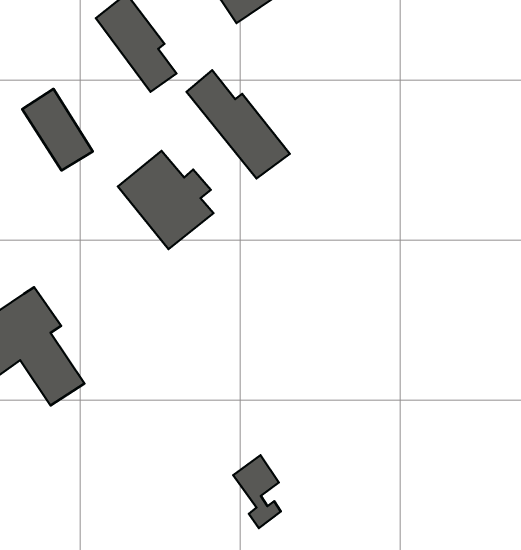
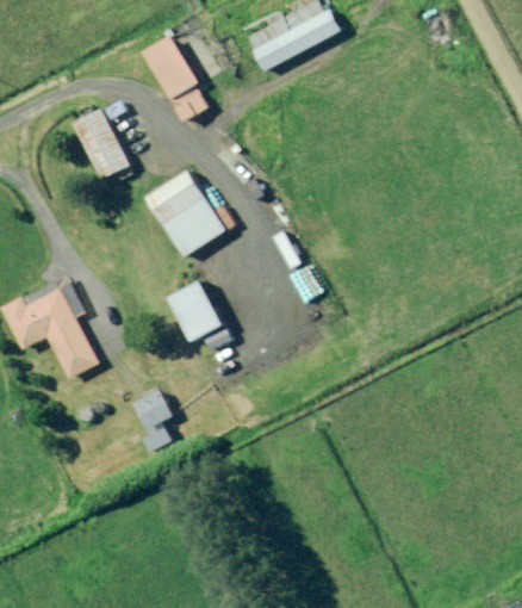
building: [186,70,290,179] -> none
building: none -> [168,283,229,349]
building: [233,455,281,528] -> [133,390,172,452]

